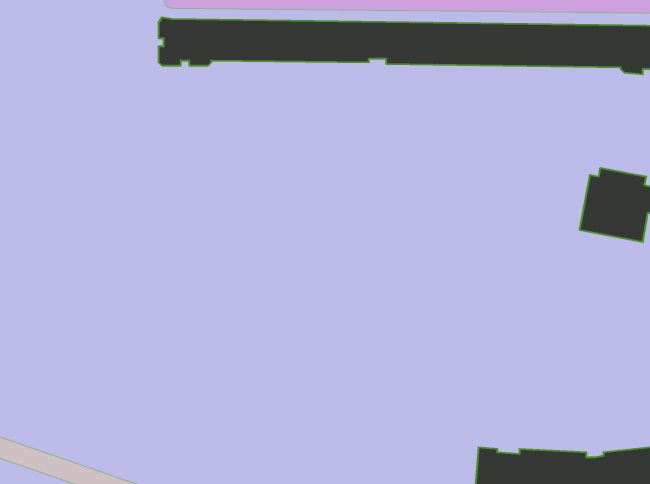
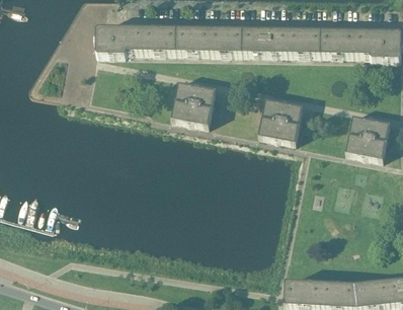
building: none -> [171,80,219,124]
building: none -> [258,96,306,140]

